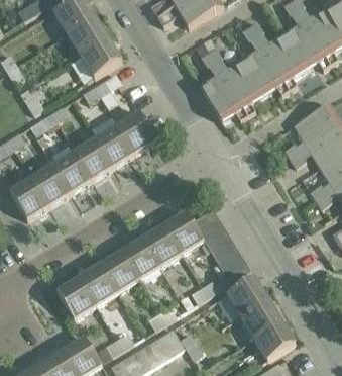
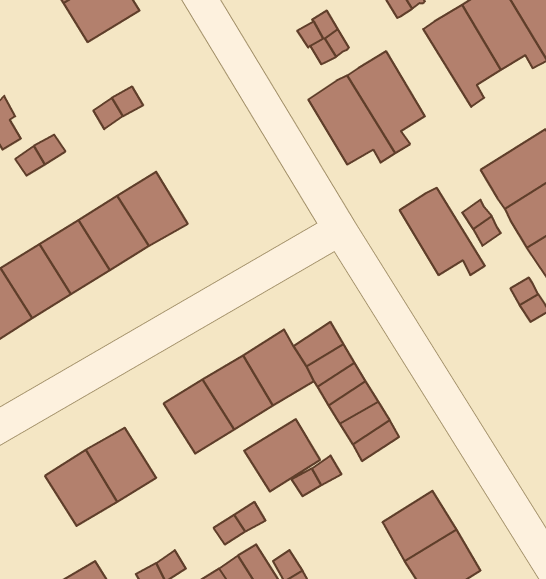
building: [80,37,121,77] -> none
building: [242,48,289,95] -> [400,188,485,275]
building: [117,111,156,154] -> none
building: [100,252,138,292] -> none
building: [226,277,267,316] -> [244,419,320,492]

